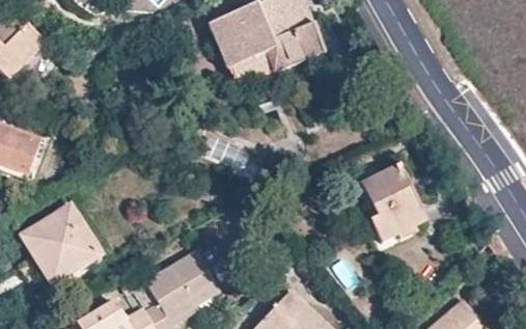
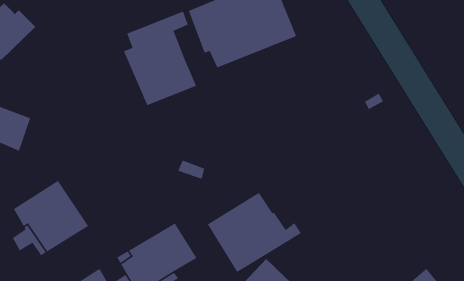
building: none -> [123,10,197,106]
building: [361,163,427,242] -> none
building: none -> [207,192,302,273]

